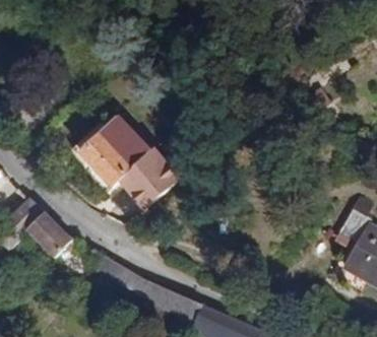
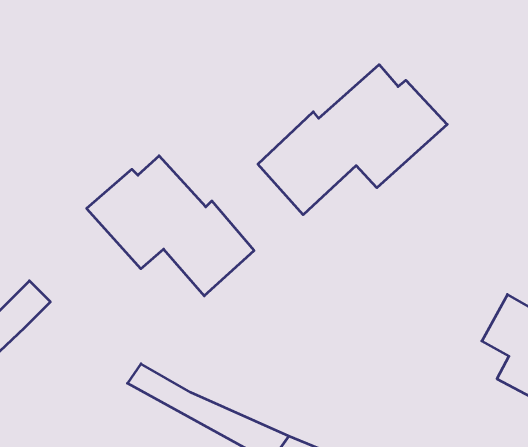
building: none -> [258,65,447,215]
building: [27,213,73,256] -> none

